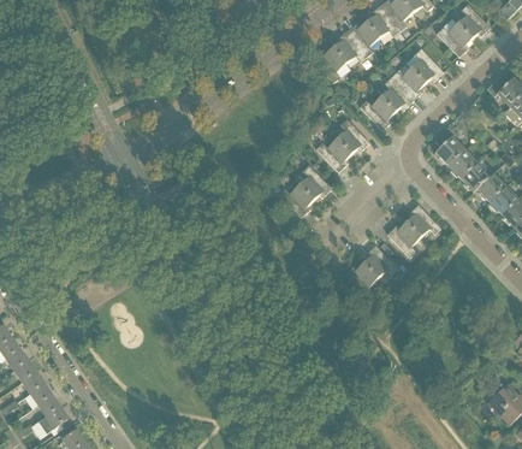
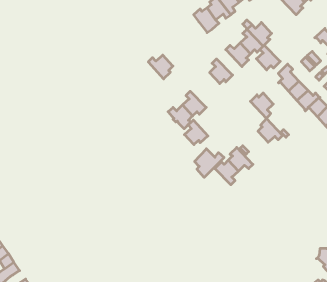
building: [410,47,444,82] -> [256,45,280,70]
building: [316,137,351,171] -> [148,55,173,79]
building: none -> [184,120,208,145]
building: [387,220,420,256] -> [250,93,273,118]
building: none -> [195,149,224,177]

